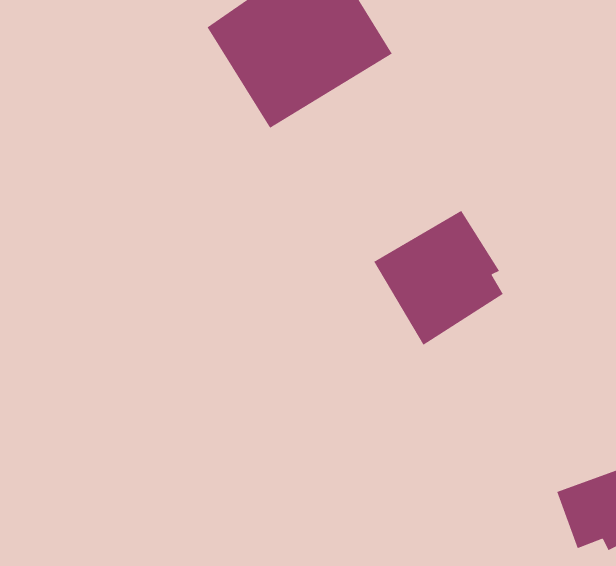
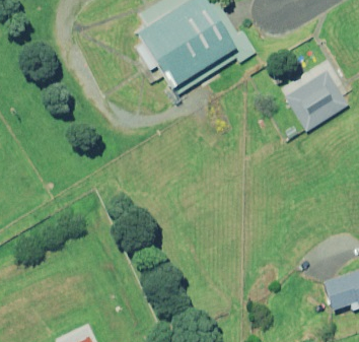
building: [373,210,504,346] -> [281,60,350,132]

